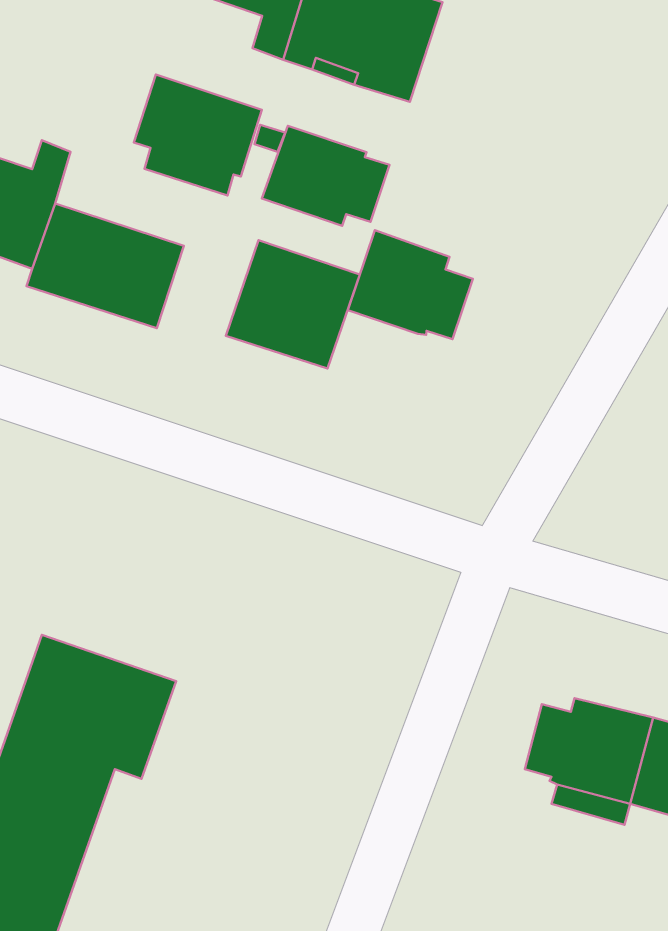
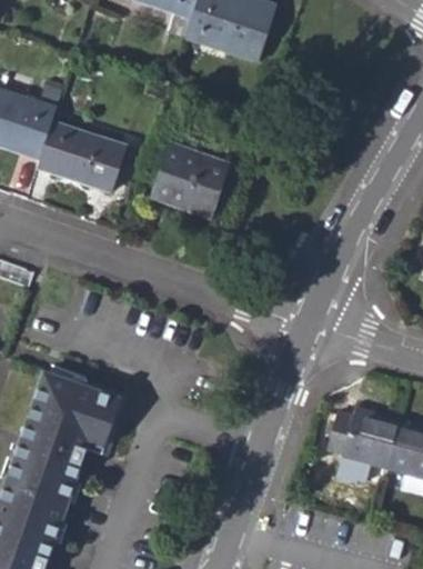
building: [134,74,262,195] -> none
building: [262,126,390,226] -> none
building: [348,230,473,339] -> none

